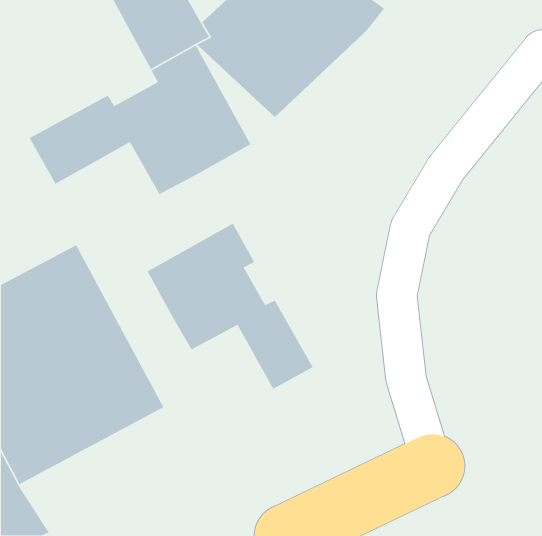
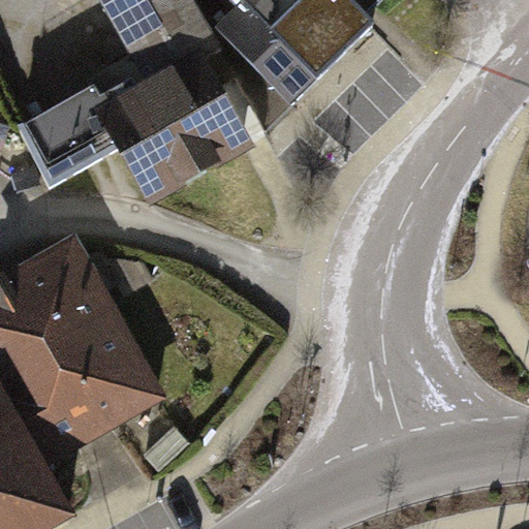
building: [147,223,314,390] -> none

